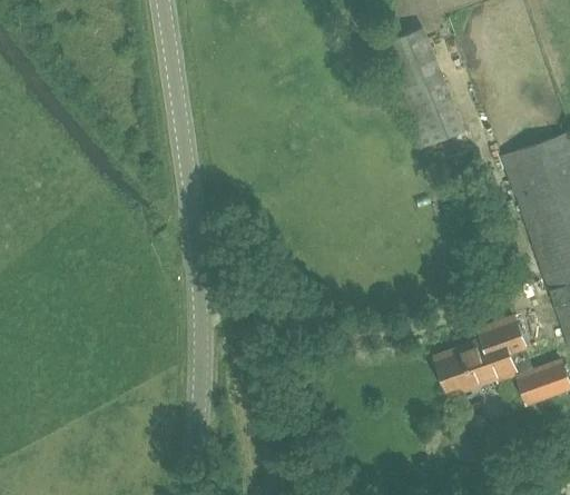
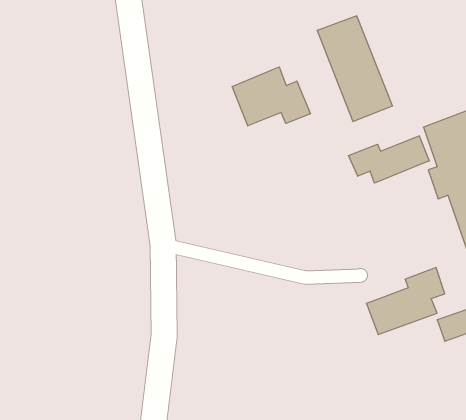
building: none -> [232,67,311,126]
building: none -> [349,136,429,183]

